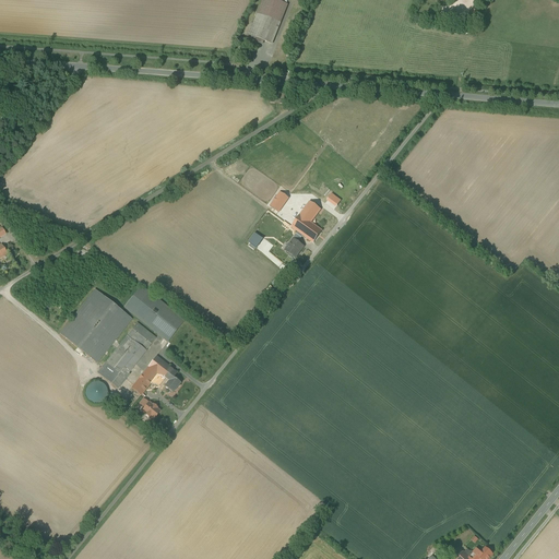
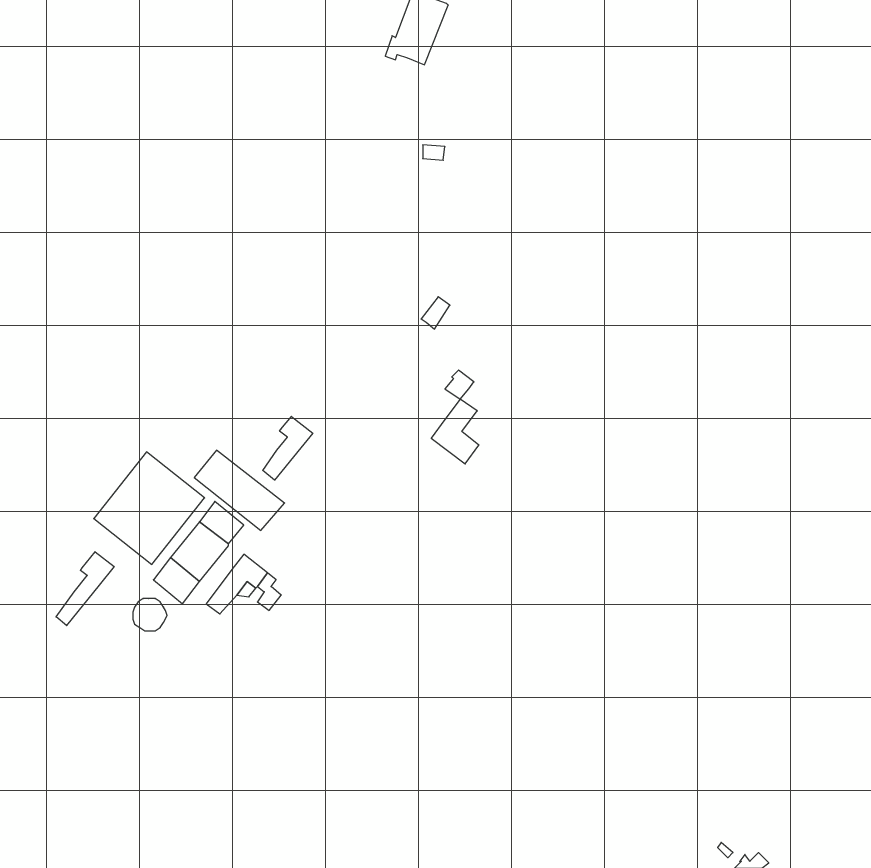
building: [292,200,322,241] -> [431,399,479,464]
building: none -> [263,416,313,480]
building: none -> [56,552,114,626]

